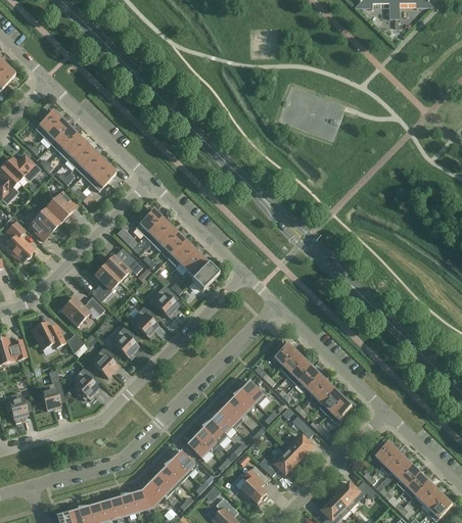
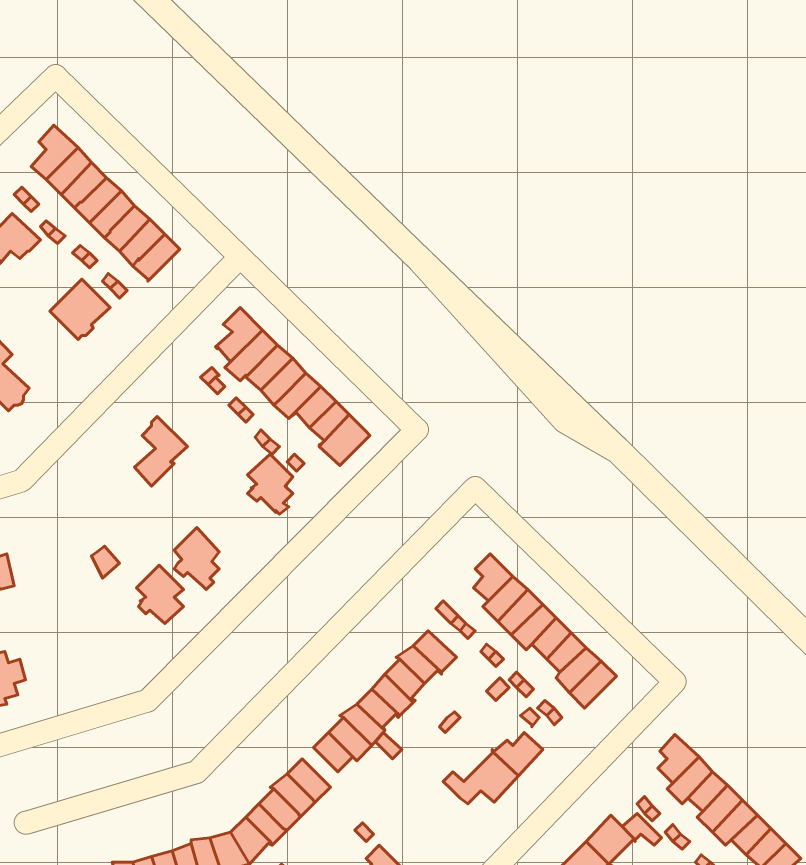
building: [29,206,60,239] -> none
building: [103,253,142,280] -> none
building: [61,295,104,324] -> none
building: [133,303,157,337] -> none
building: [33,321,65,347] -> none
building: [73,365,97,398] -> none
building: [39,379,64,409] -> none
building: [240,464,267,502] -> none

